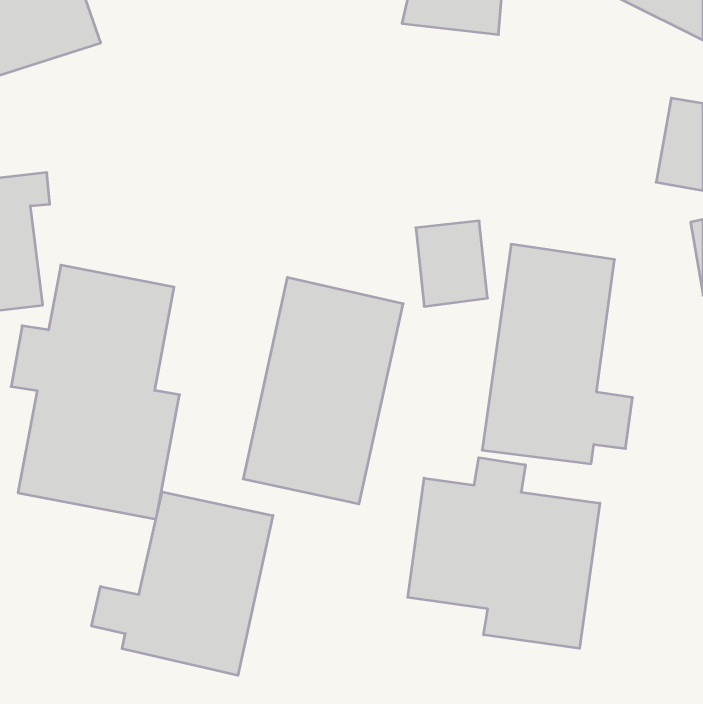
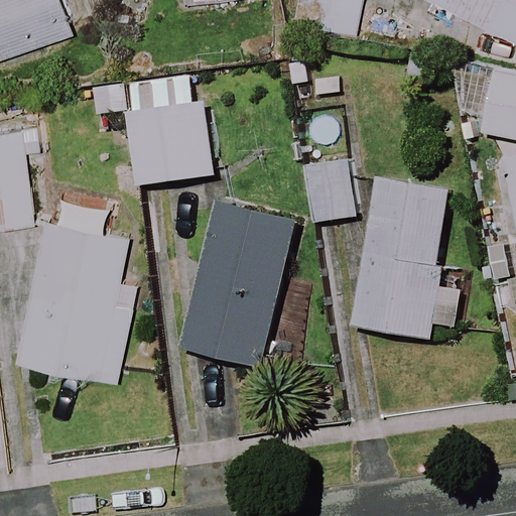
building: none -> [133,96,220,178]
building: [408,458,600,648] -> none
building: [92,492,273,675] -> none

